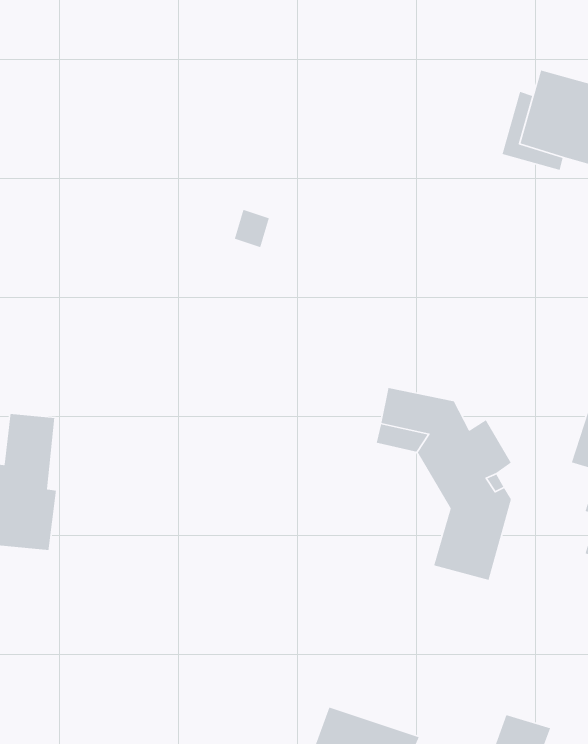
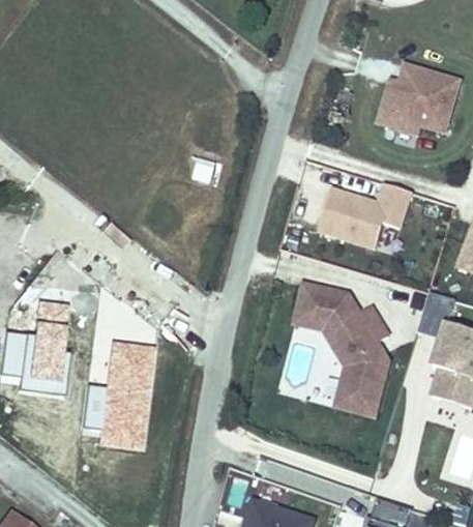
building: none -> [321,186,416,254]
building: none -> [88,339,156,450]

